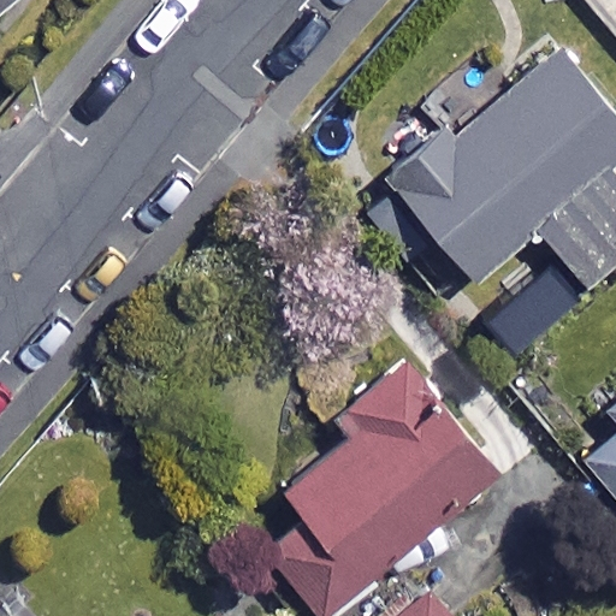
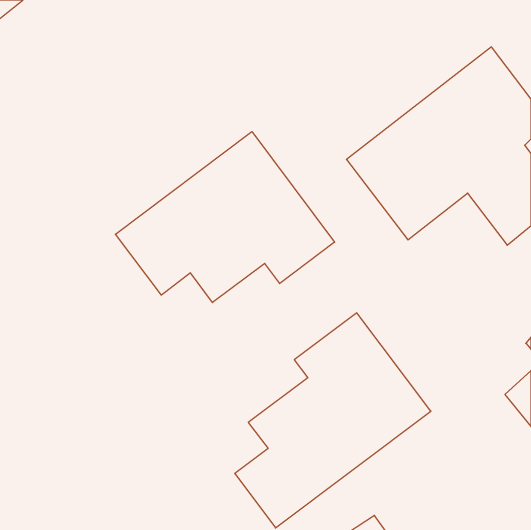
building: none -> [115,132,335,303]

